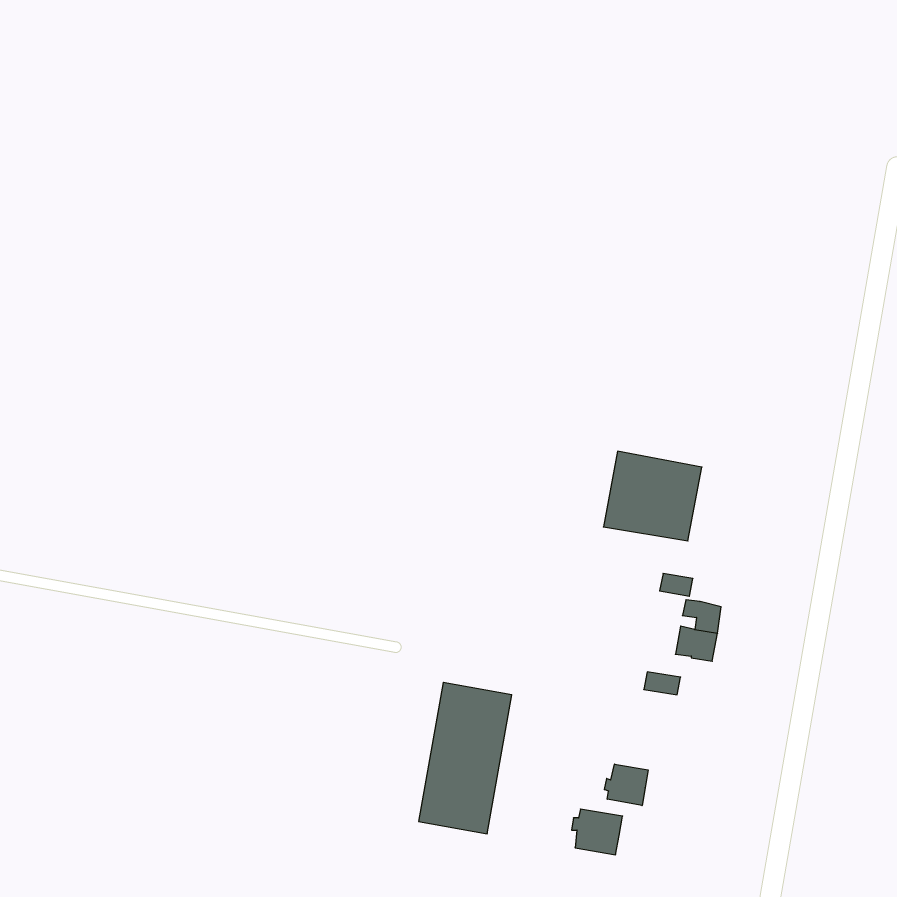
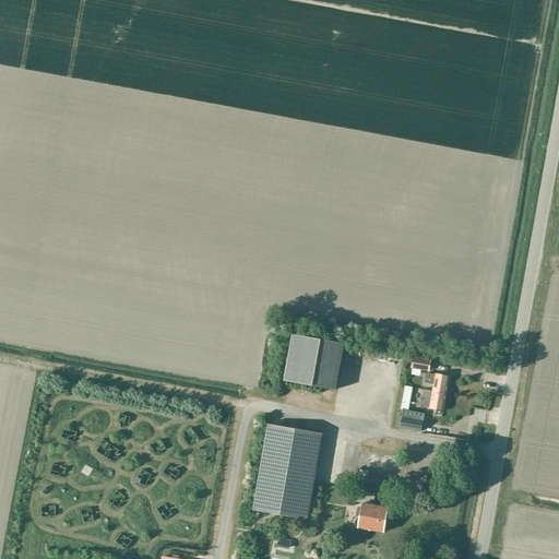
building: [603,451,702,541] -> [283,333,344,389]
building: [604,764,648,806] -> none

